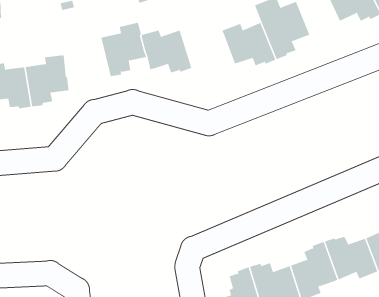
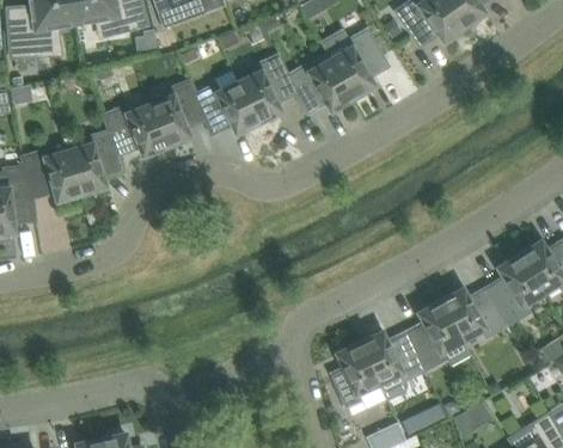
building: none -> [239,55,296,124]
building: none -> [104,105,167,155]

